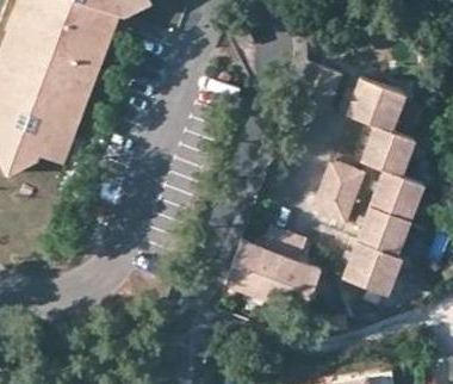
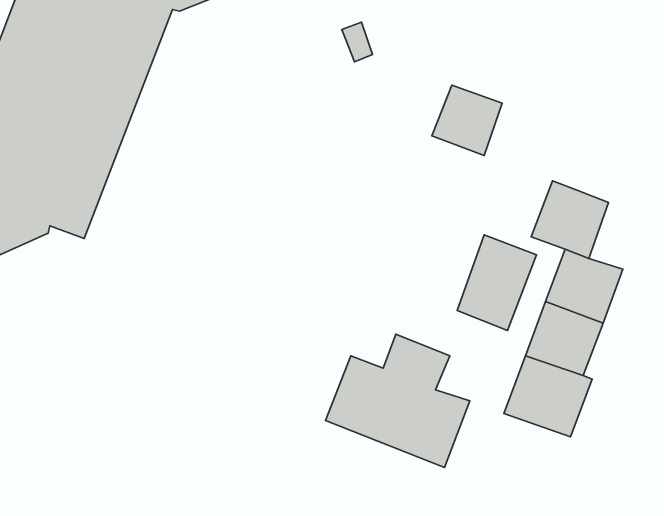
building: [345,80,402,132] -> none

